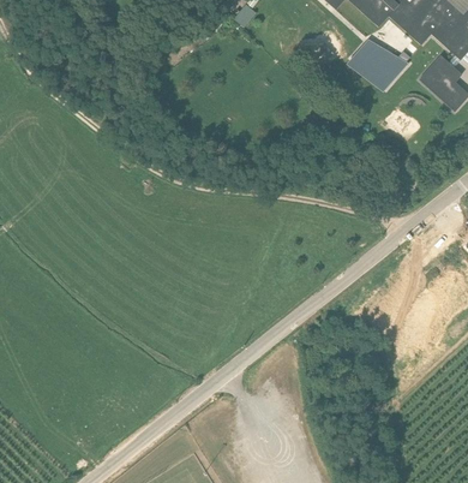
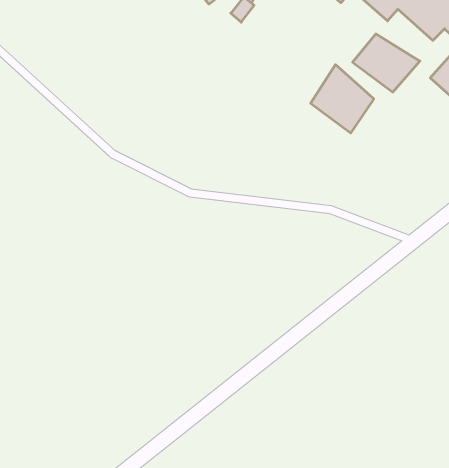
building: none -> [311,65,374,133]

